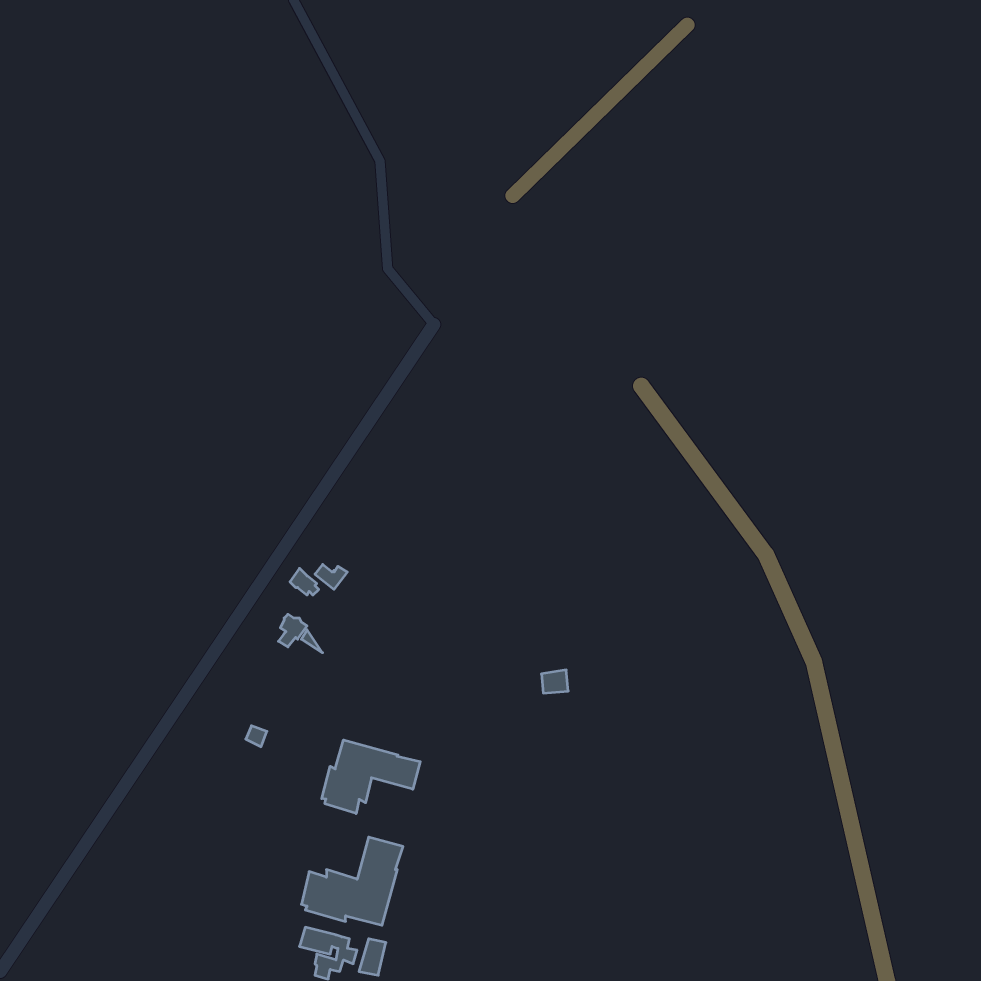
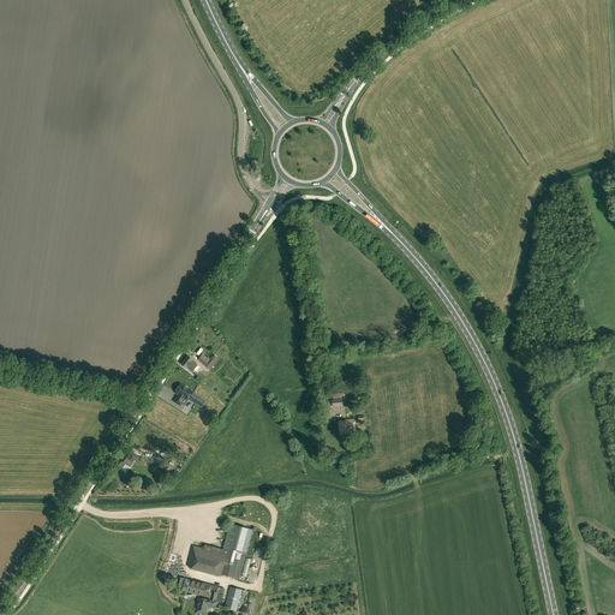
building: [322,740,420,814] -> none

